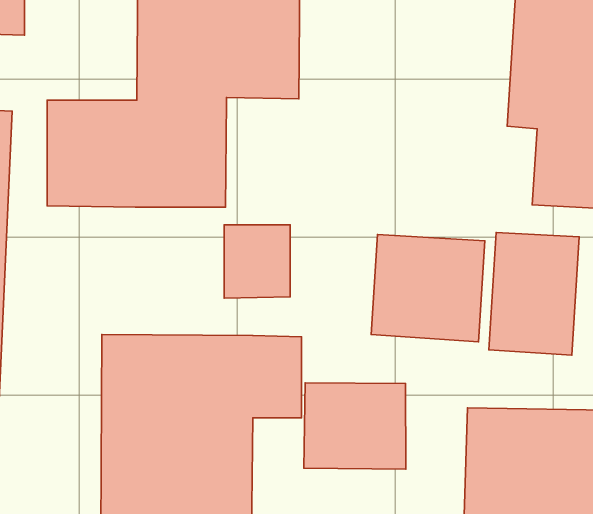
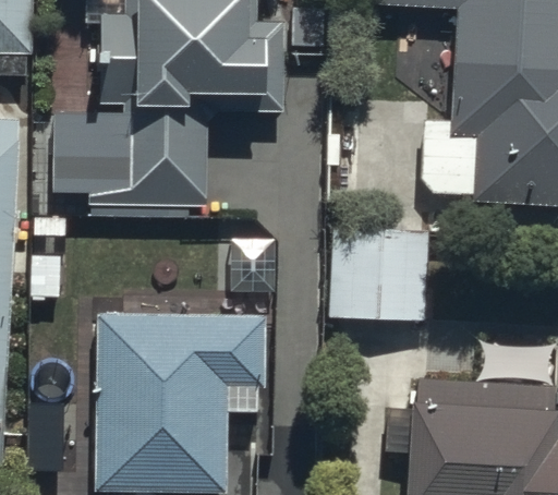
building: [489,233,579,355] -> none
building: [304,383,406,469] -> none

